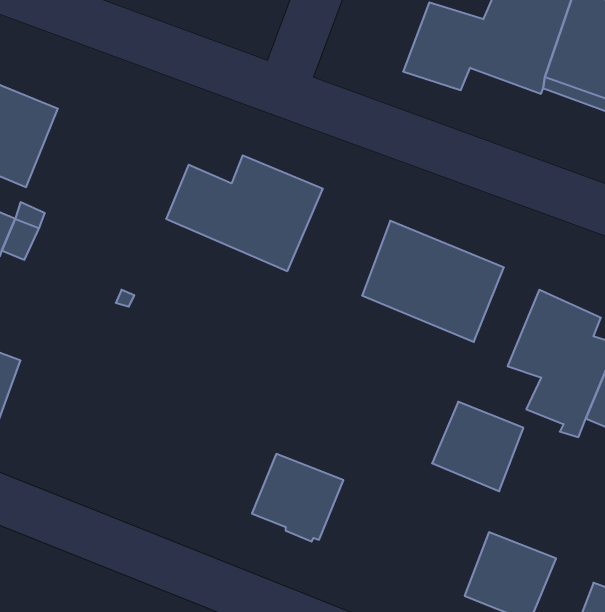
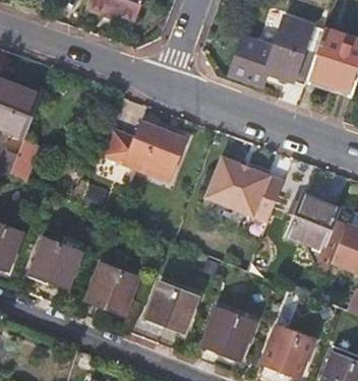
building: none -> [32,238,80,287]
building: [432,402,523,491] -> [203,308,253,357]
building: none -> [87,263,137,312]

